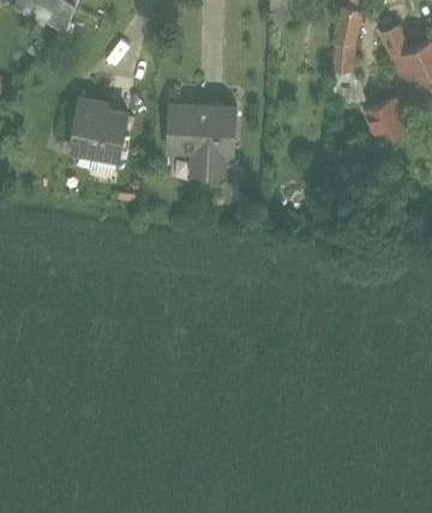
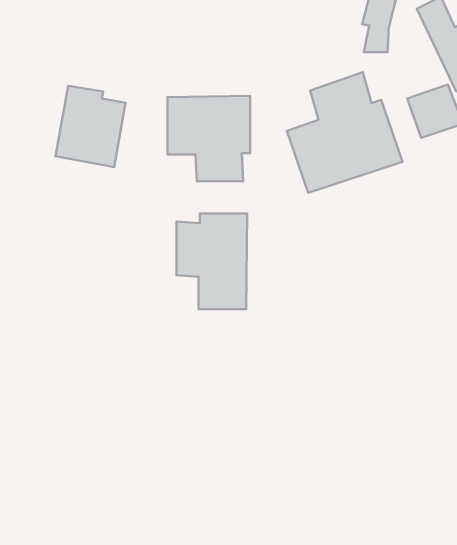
building: none -> [287,72,402,193]
building: none -> [177,213,247,309]

